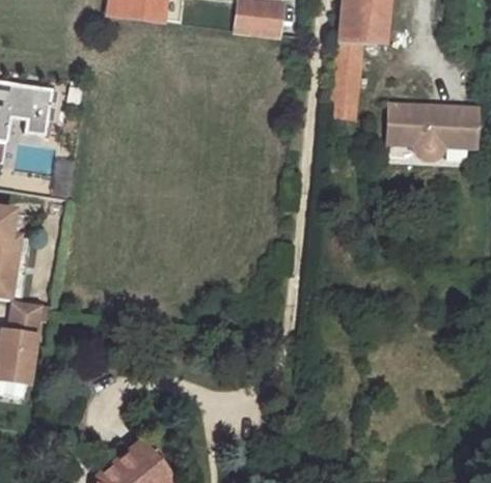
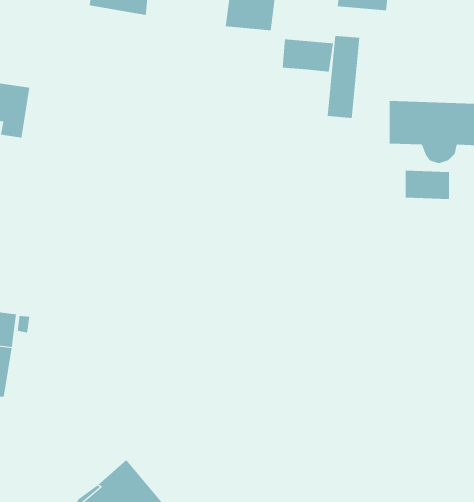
building: [337,15,386,46] -> [282,39,334,72]
building: none -> [405,170,450,200]

